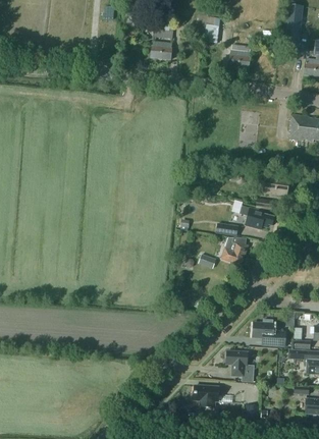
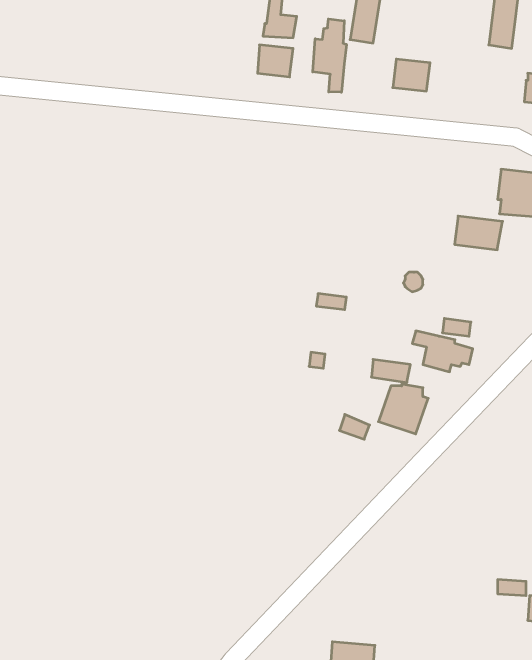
building: none -> [313,19,346,92]
building: [261,176,288,196] -> [455,216,503,250]
building: [252,319,285,346] -> none
building: [226,350,254,382] -> none

